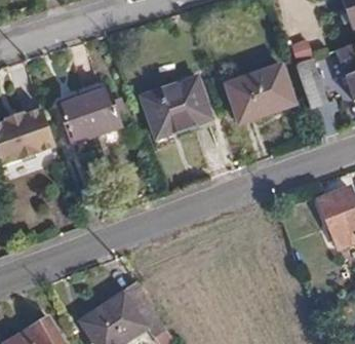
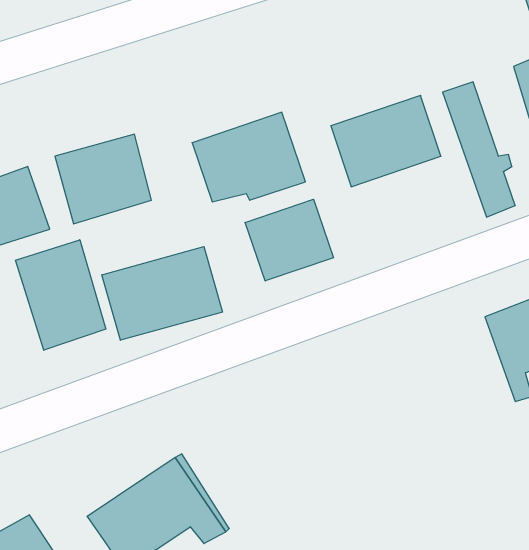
building: none -> [245,199,334,281]
building: none -> [15,240,106,350]
building: none -> [102,247,222,340]

